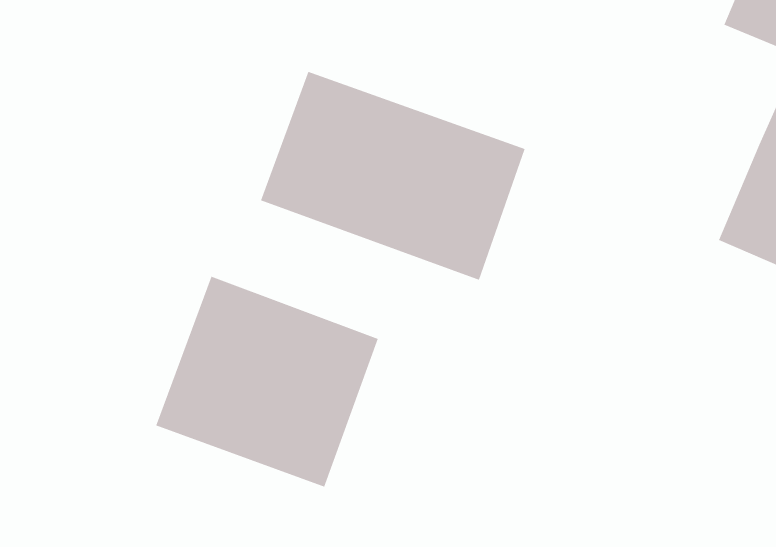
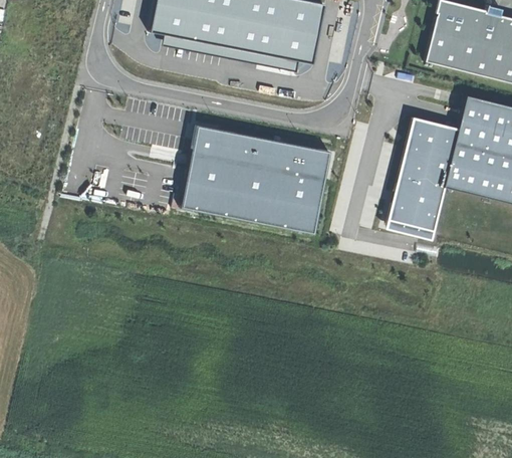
building: none -> [389,118,461,232]
building: [155,276,379,487] -> none

